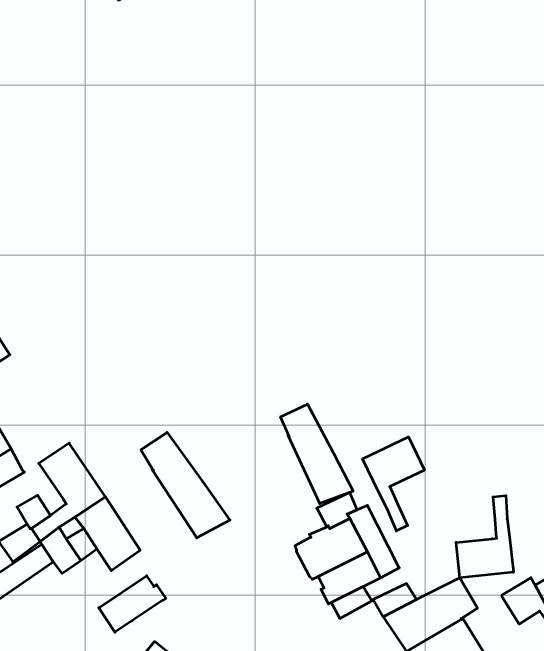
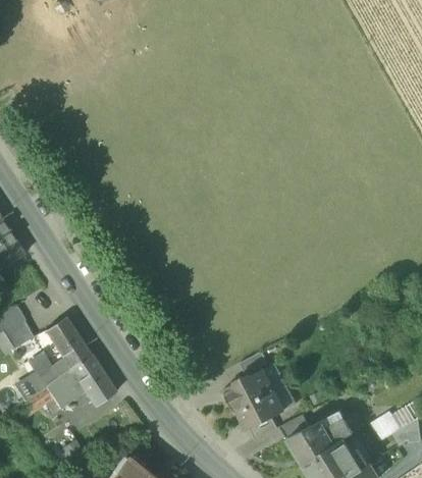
building: [281,404,353,504] -> none
building: [141,432,230,538] -> none
building: [363,437,424,531] -> none
building: [456,496,513,578] -> none
building: [99,576,166,632] -> none

